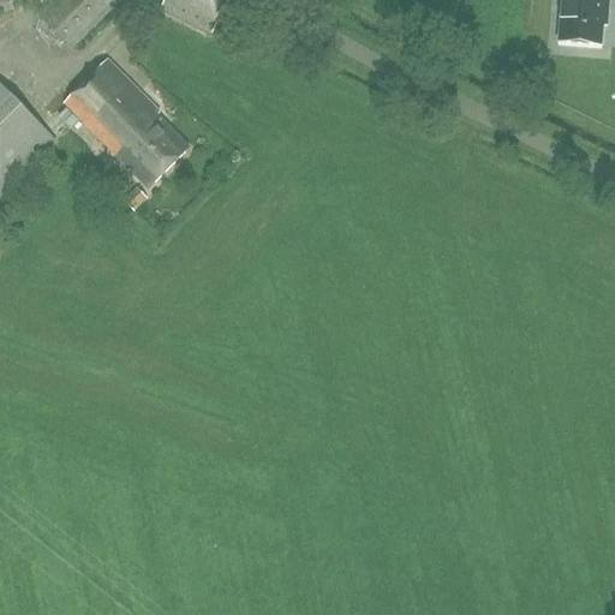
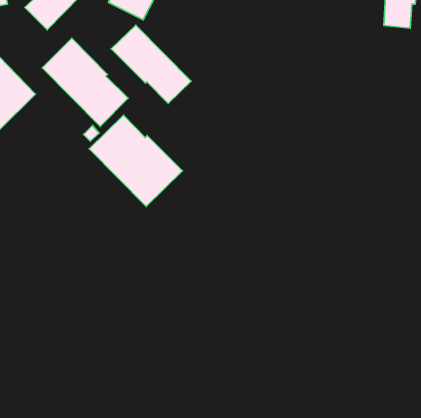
building: none -> [111,25,191,104]
building: none -> [89,115,182,206]

